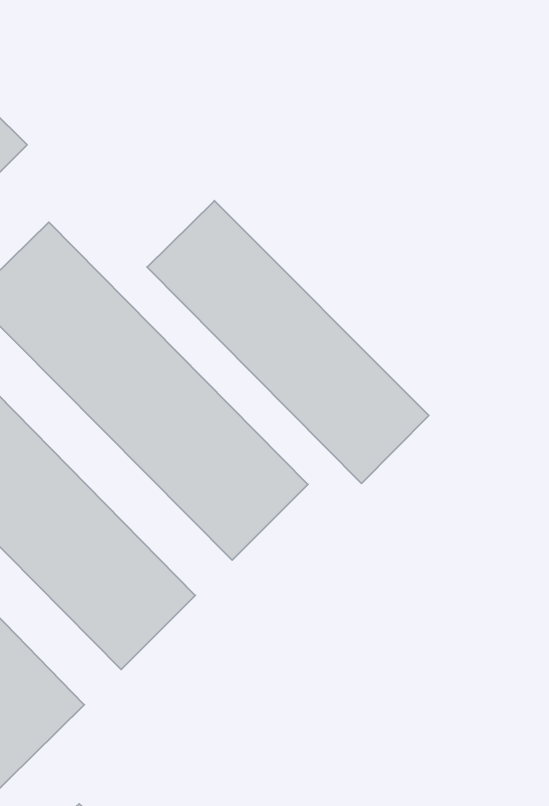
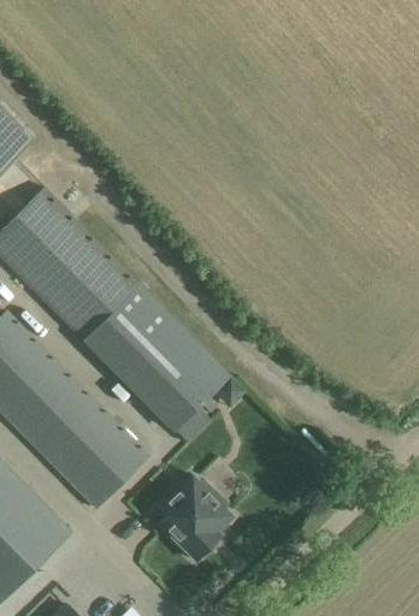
building: [147,201,429,483] -> none
building: none -> [160,475,234,561]

